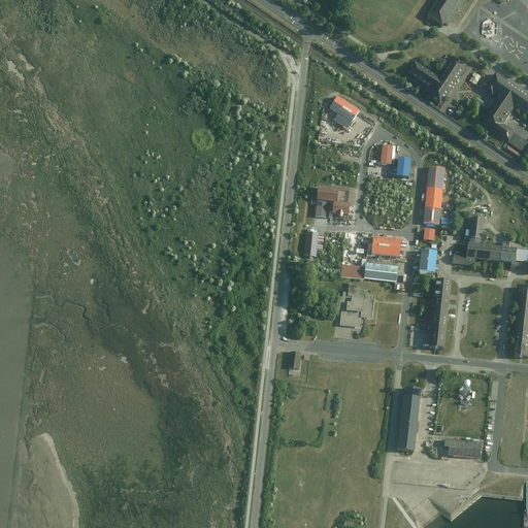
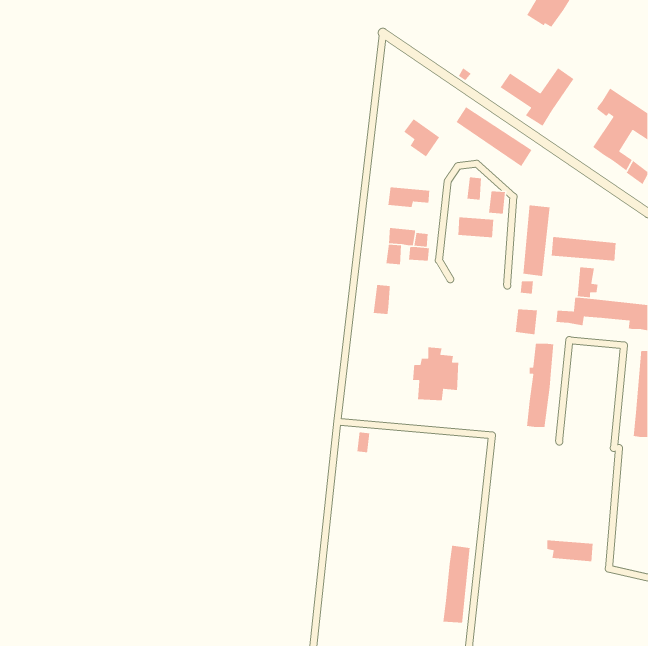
building: none -> [456,106,532,167]
building: none -> [387,186,430,208]
building: none -> [551,236,617,261]
building: [372,237,402,255] -> [457,216,494,238]
building: [366,262,398,280] -> none
building: [399,387,422,451] -> [442,545,470,624]

